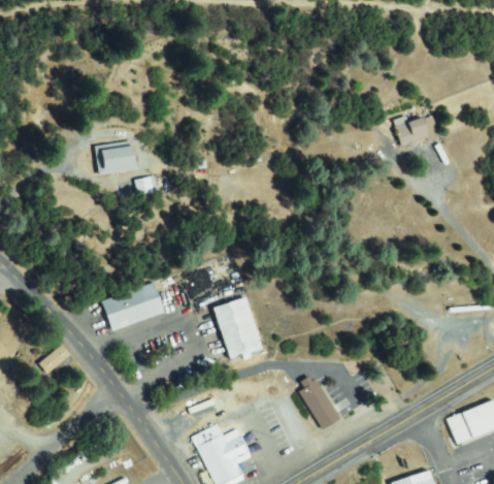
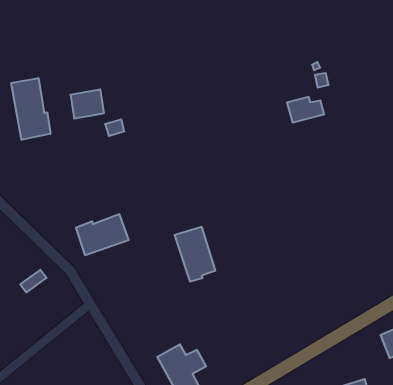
building: [396,116,438,144] -> [287,97,324,122]
building: none -> [11,78,50,140]
building: [299,376,338,427] -> none

